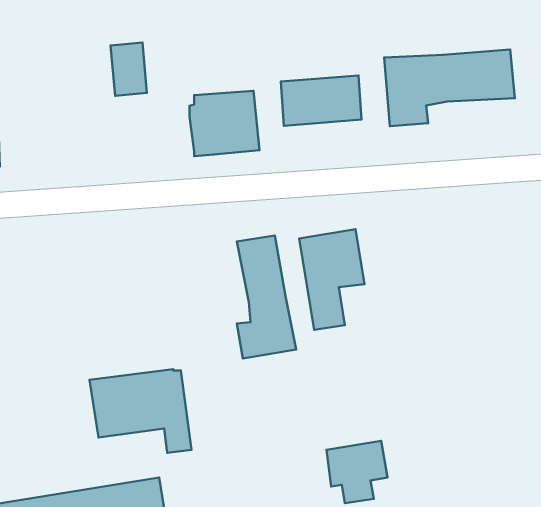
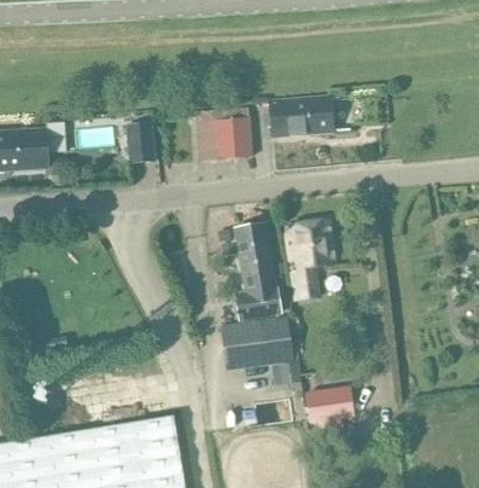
building: [110,43,147,96] -> [125,123,154,165]
building: [384,50,515,126] -> none
building: [89,369,191,453] -> [220,318,300,384]

